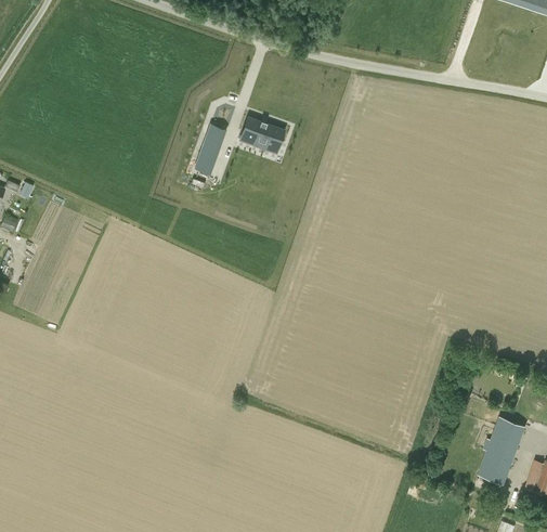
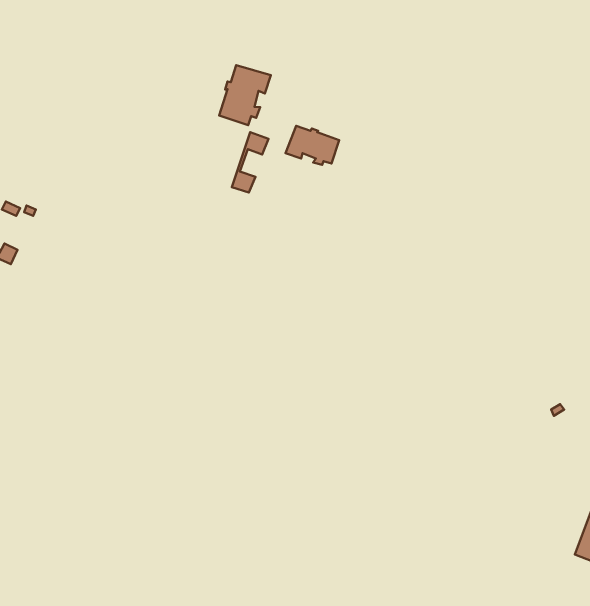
building: none -> [219,65,271,125]

